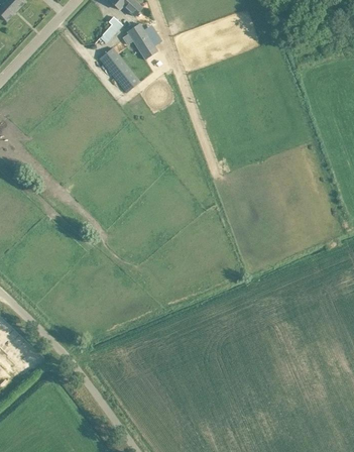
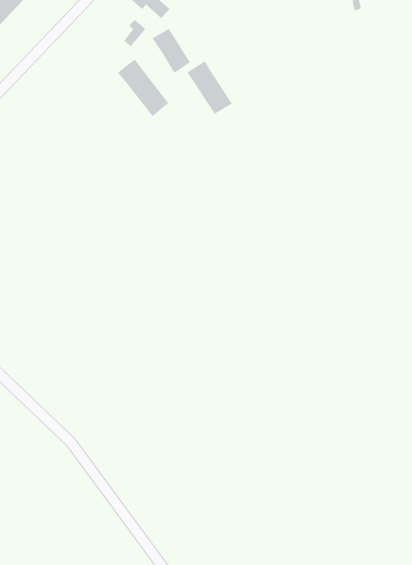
building: none -> [186,60,233,115]

